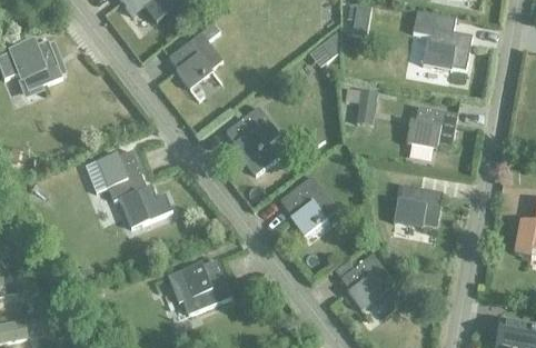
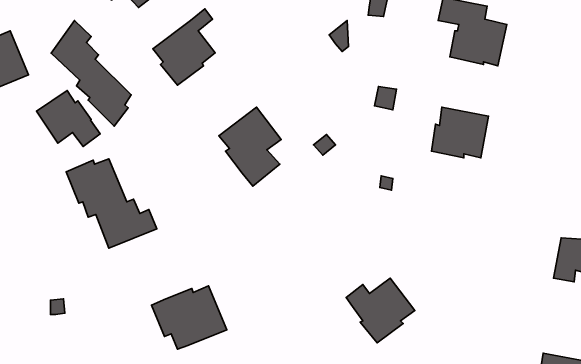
building: none -> [51,21,131,126]
building: none -> [36,91,100,147]
building: [282,180,336,236] -> none
building: [393,185,441,227] -> none

